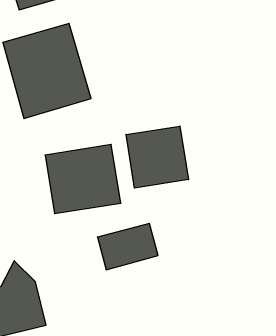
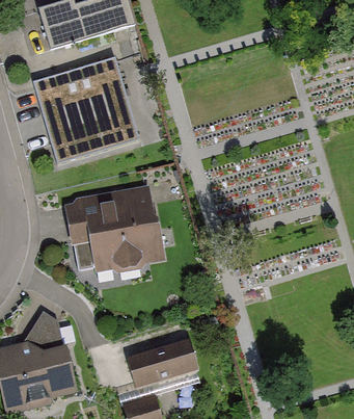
building: [126,126,188,188] -> none
building: [97,224,158,270] -> [130,337,195,387]

